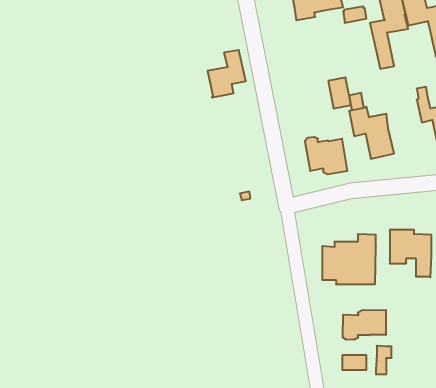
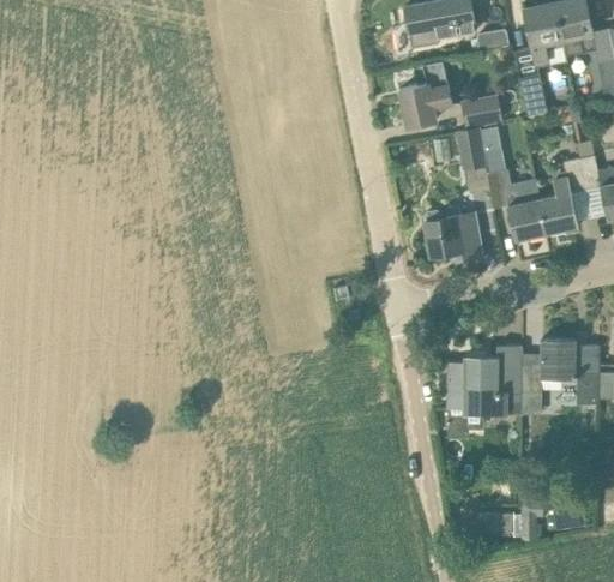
building: [208,50,246,98] -> [399,60,452,126]
building: none -> [460,94,502,127]
building: none -> [538,158,585,233]
building: [343,310,386,340] -> none

